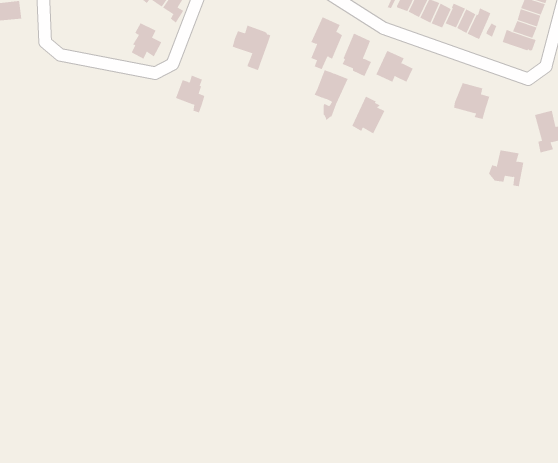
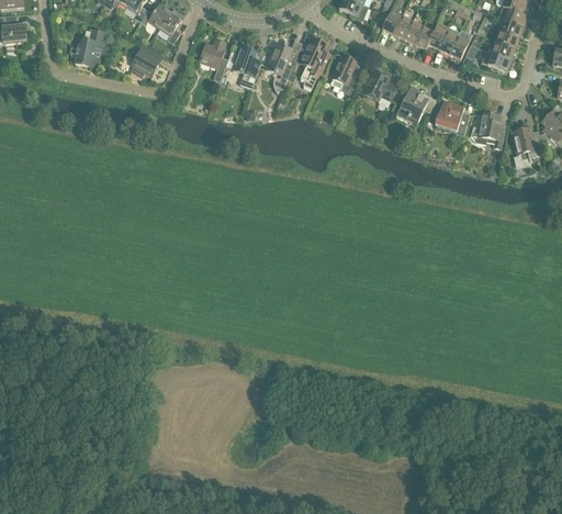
building: none -> [69,29,110,66]
building: [314,69,348,120] -> [265,44,297,92]
building: [175,75,205,113] -> [199,38,227,75]
building: [351,96,385,134] -> [396,85,428,121]
building: [488,150,524,187] -> [470,112,504,147]

